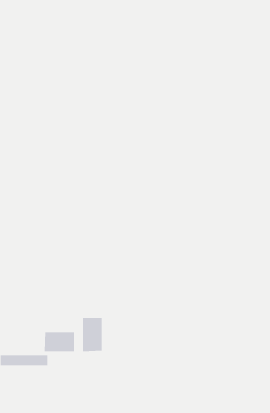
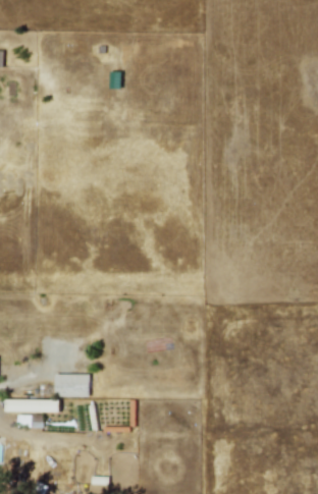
building: [82,317,102,352] -> none

